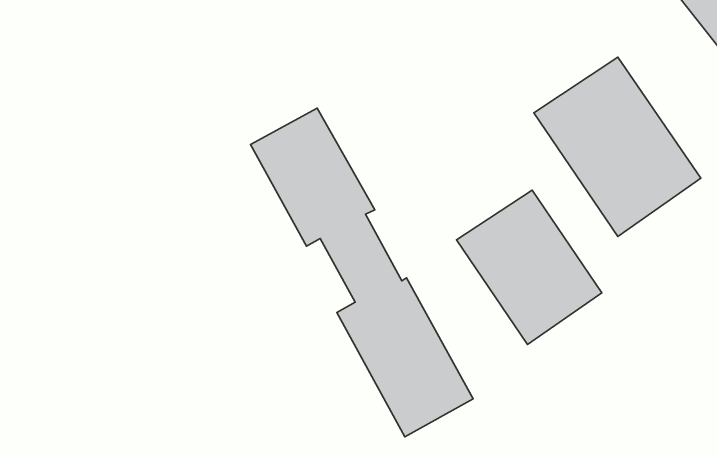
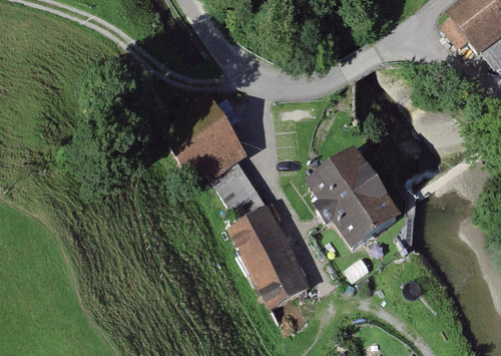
building: [534,57,701,236] -> none

